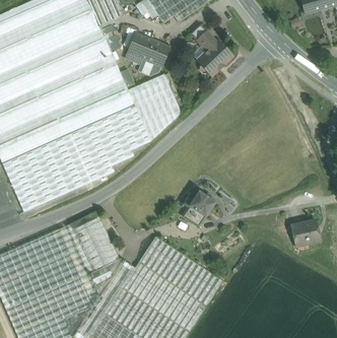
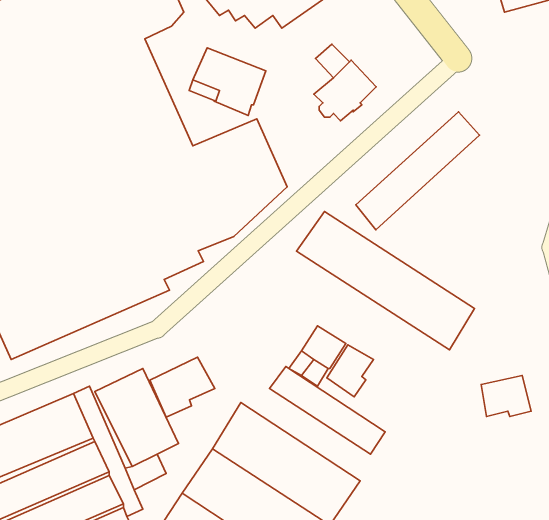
building: none -> [356,112,480,230]
building: none -> [297,212,474,350]
building: none -> [327,345,374,397]
building: none -> [150,357,215,417]
building: none -> [270,366,385,454]

